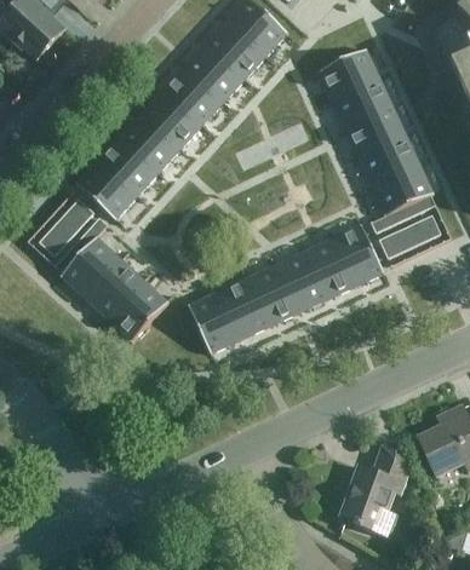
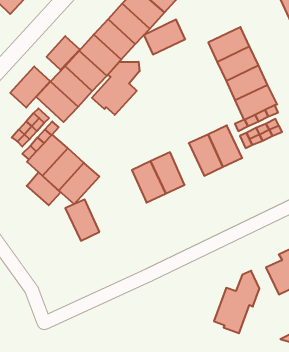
building: [319,48,380,100] -> [144,20,185,54]
building: none -> [47,36,80,70]
building: none -> [92,62,140,115]
building: none -> [10,66,50,108]
building: [275,251,326,312] -> none
building: [189,290,240,352] -> [65,199,99,241]
building: none -> [27,172,61,205]

